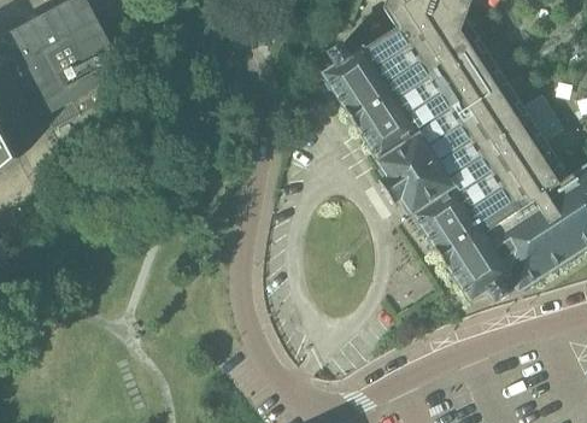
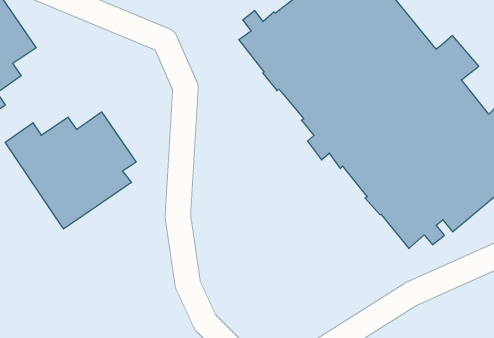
building: none -> [5,112,136,229]

